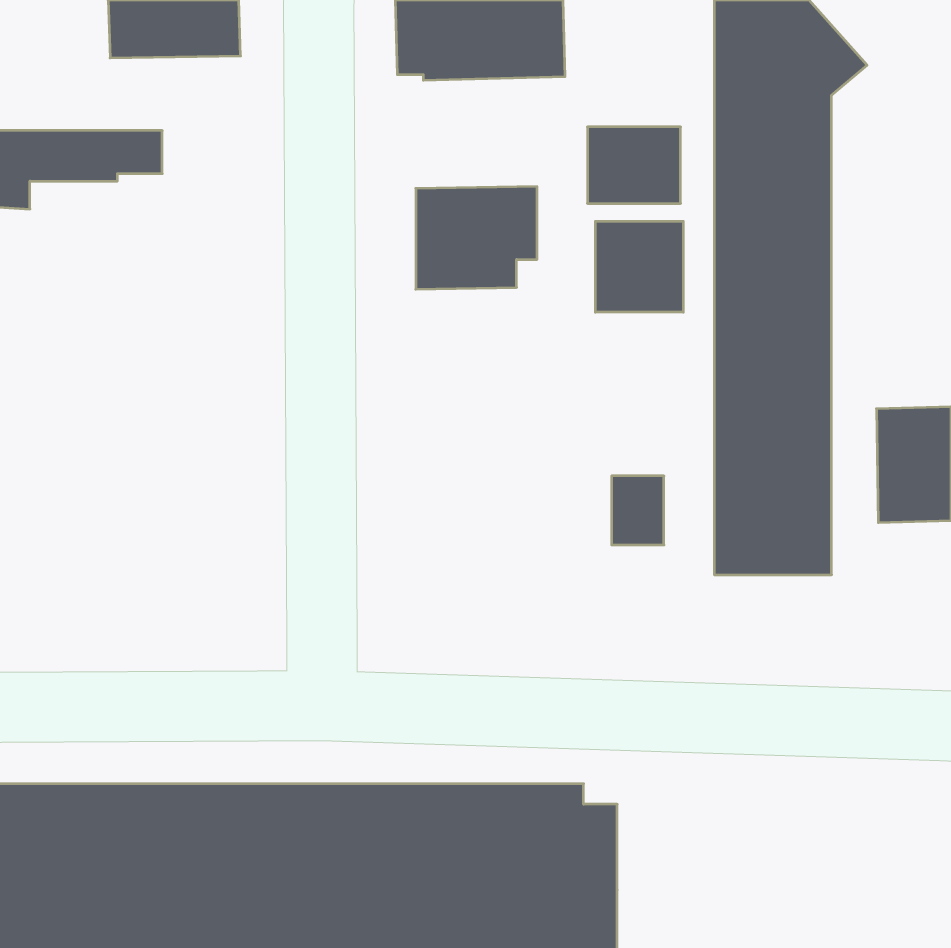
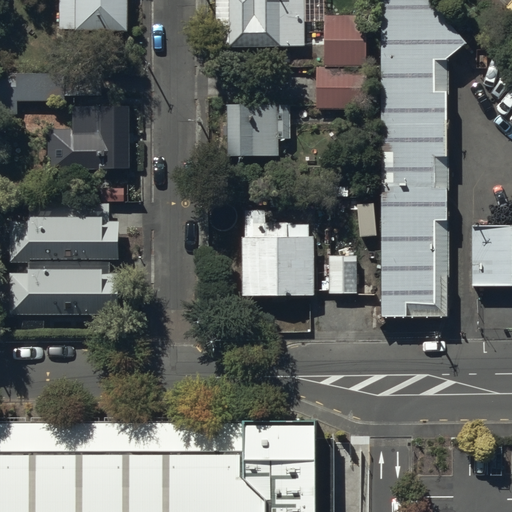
building: none -> [324,18,365,68]
building: none -> [47,107,128,170]
building: [595,221,683,312] -> none
building: none -> [7,207,117,319]
building: none -> [241,214,314,298]

